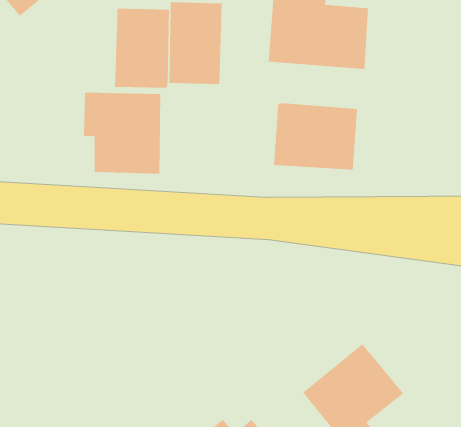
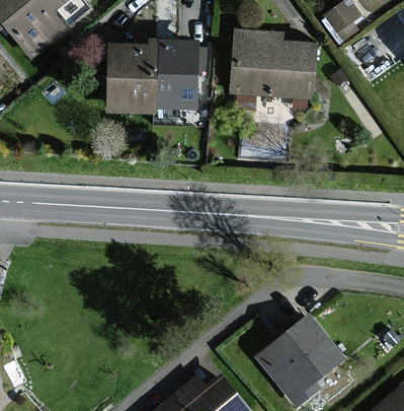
building: [83,92,161,175] -> none
building: [273,103,358,170] -> none

